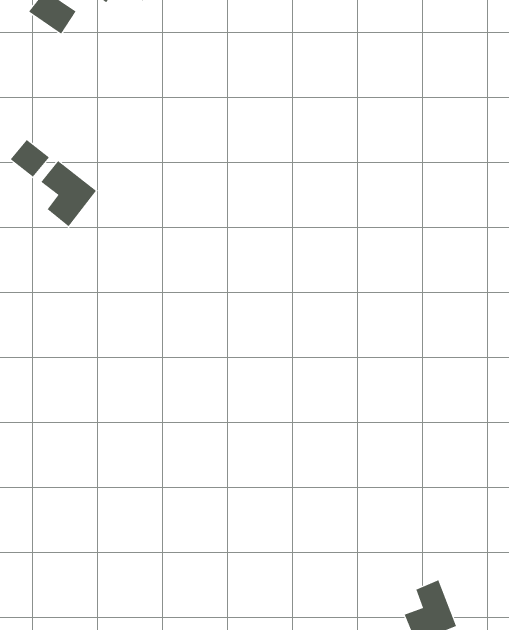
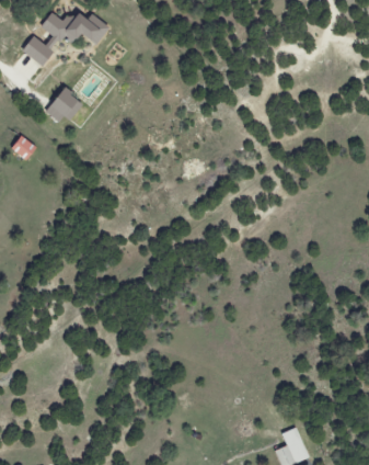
building: none -> [46,89,85,123]
building: [40,160,97,227] -> none

